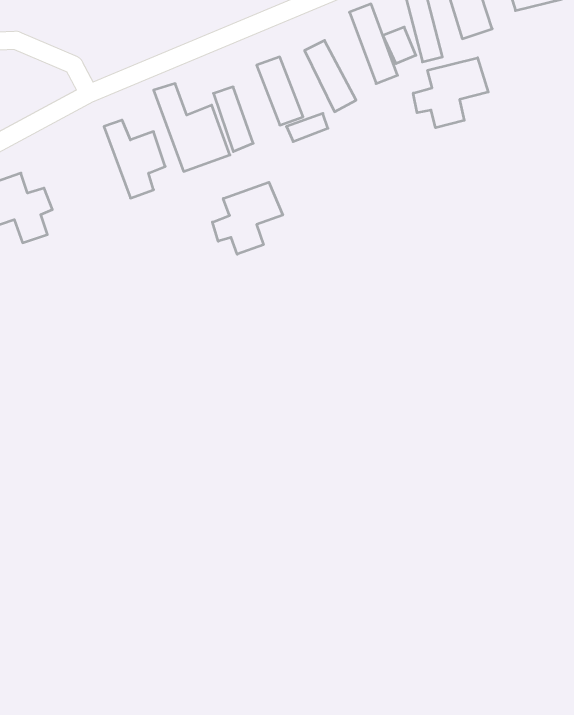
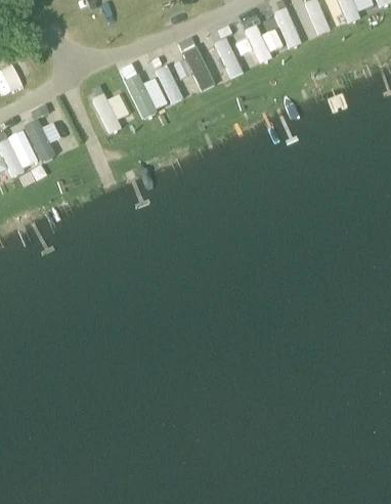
building: [413,58,488,128] -> none
building: [212,182,283,254] -> none

